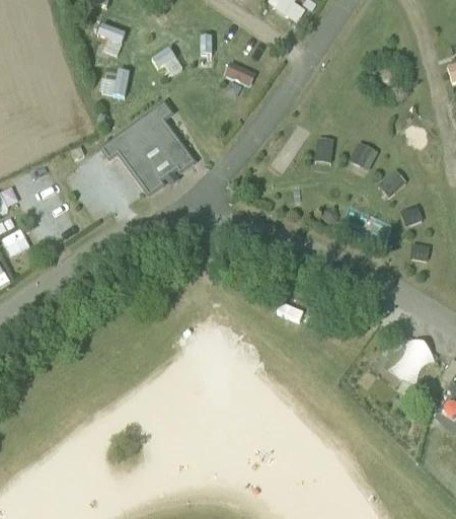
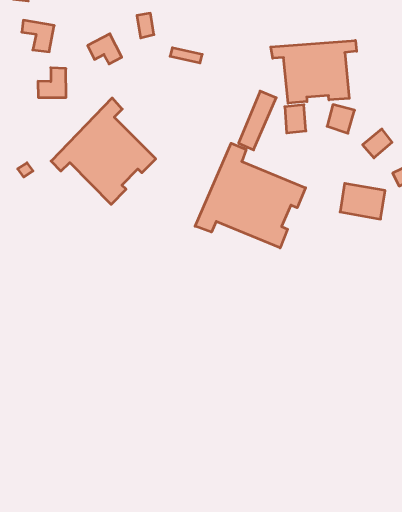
building: none -> [271,40,357,103]
building: none -> [195,143,306,248]

